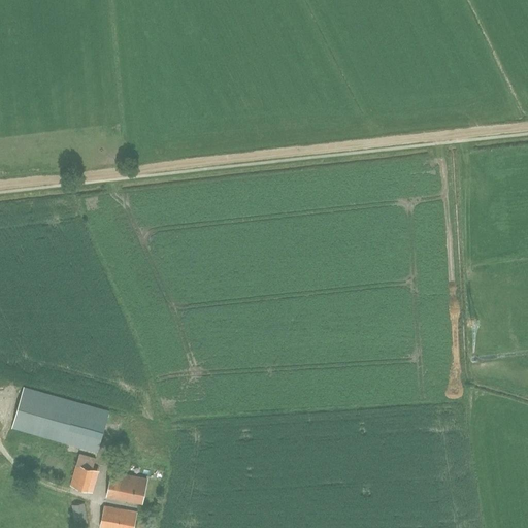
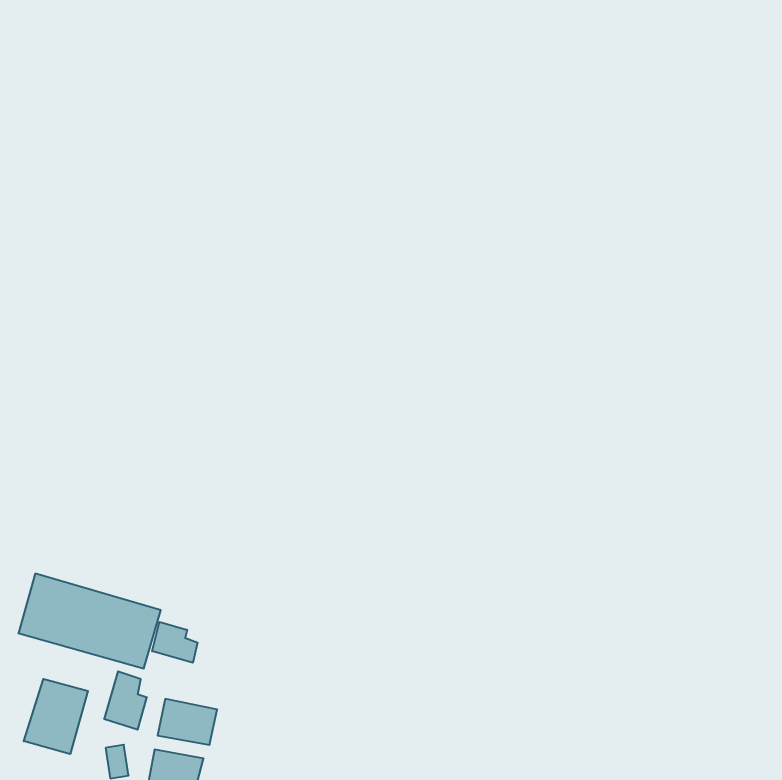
building: none -> [152,622,198,663]
building: none -> [24,679,88,754]

